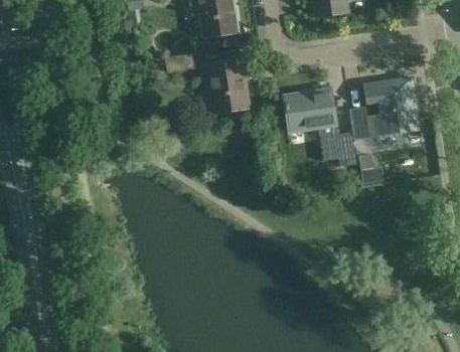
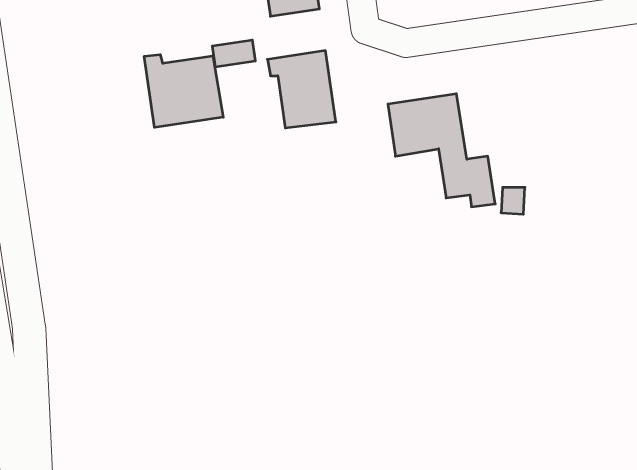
building: none -> [144,55,223,127]
building: [349,77,420,139] -> none

